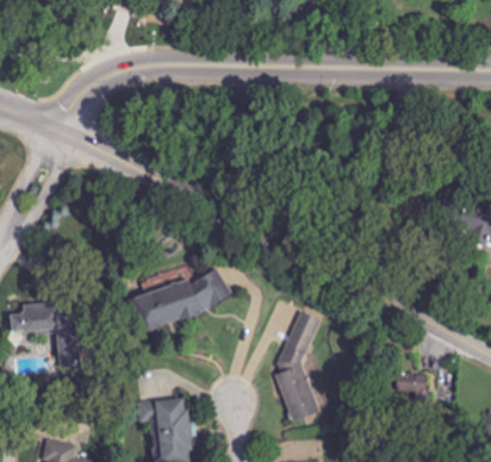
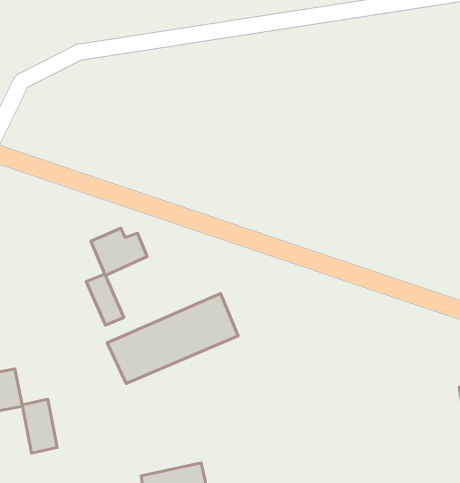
building: none -> [86,228,147,325]
building: [274,312,318,423] -> none

